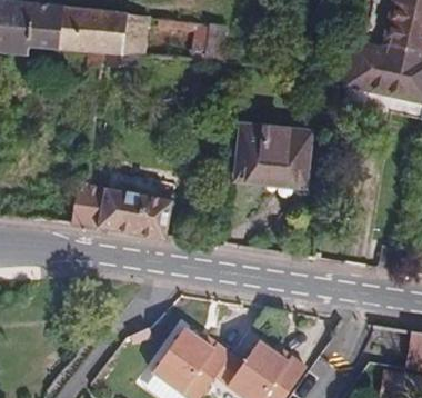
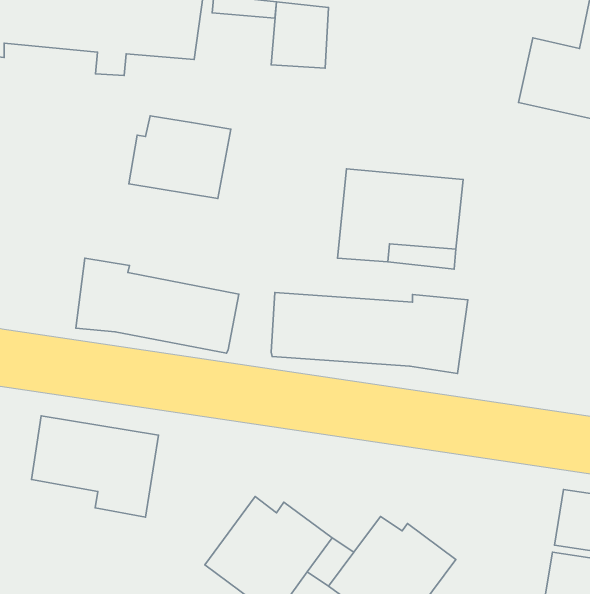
building: none -> [129,116,231,198]
building: none -> [271,293,468,374]
building: none -> [31,416,158,517]

